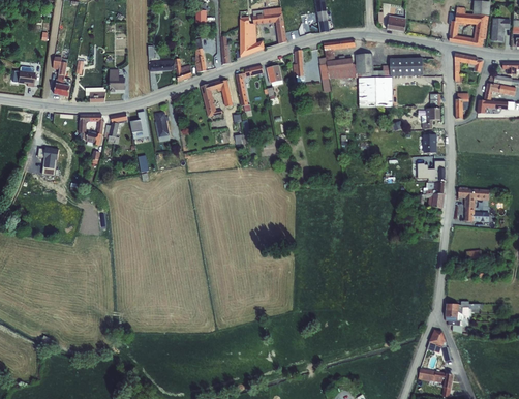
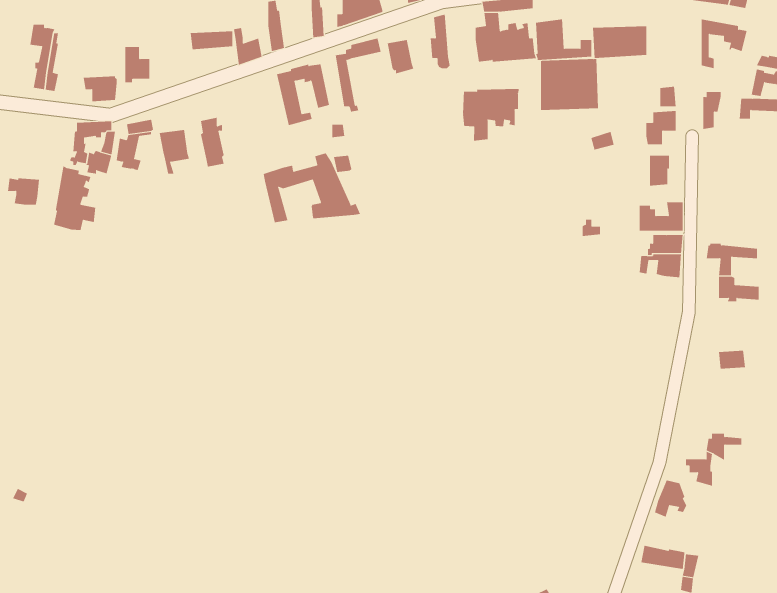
building: none -> [463,88,520,141]
building: none -> [263,153,361,223]
building: none -> [53,165,96,231]

